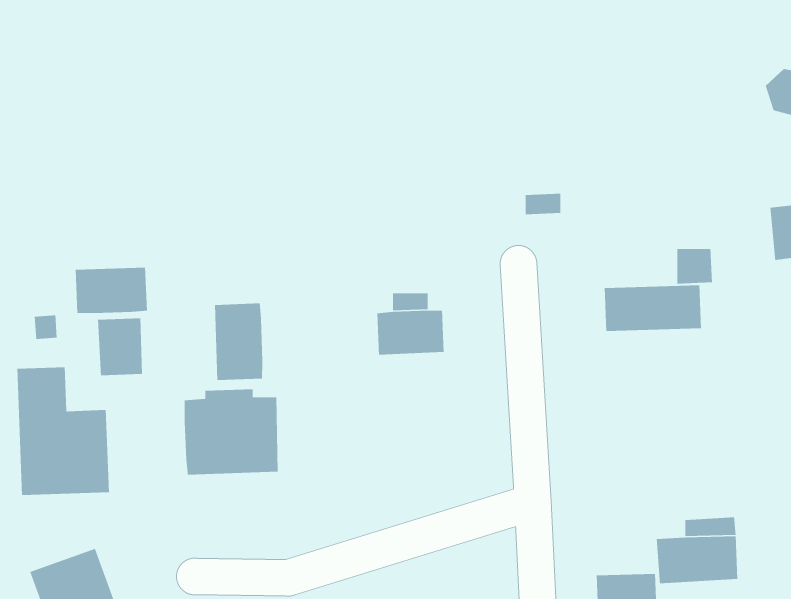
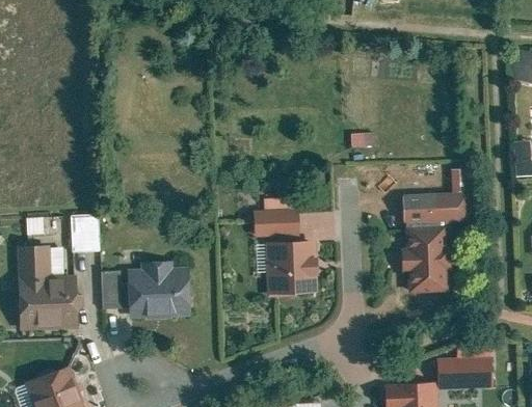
building: [75,267,148,314] -> none
building: [214,303,263,381] -> none
building: none -> [401,225,453,293]
building: none -> [265,241,318,295]
building: none -> [101,270,128,308]

